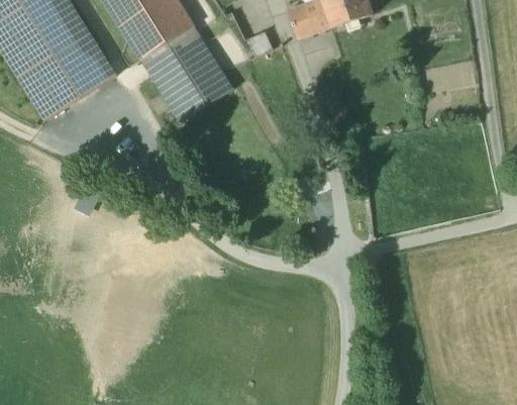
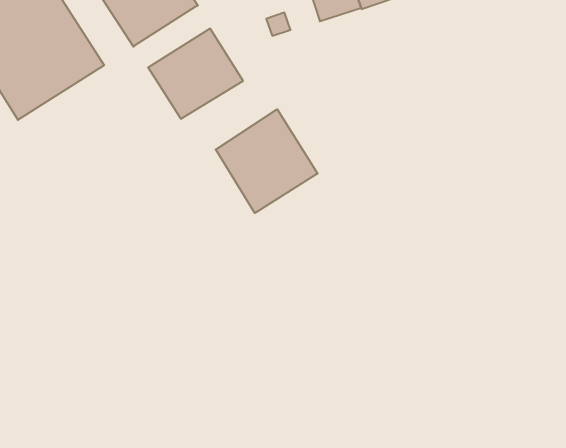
building: [141,25,204,76] -> none
building: none -> [216,109,318,213]

